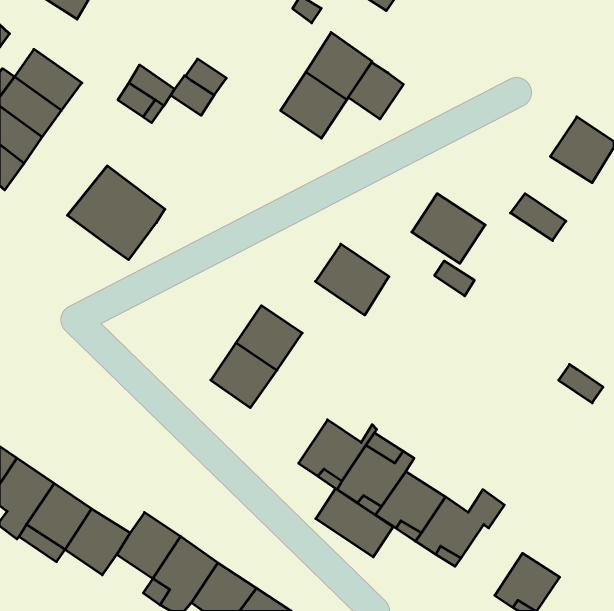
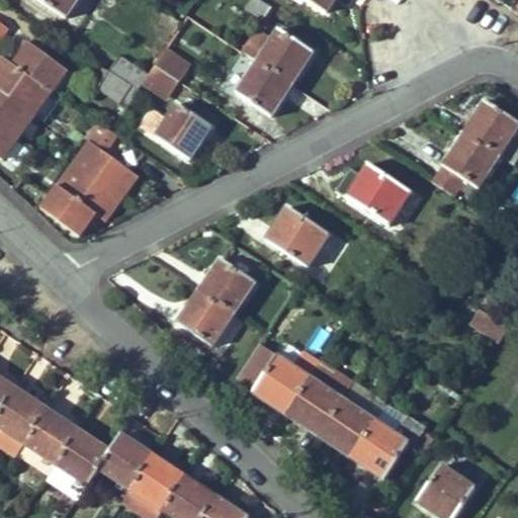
building: [348,63,403,119] -> none
building: none -> [155,103,211,158]
building: none -> [441,132,498,186]
building: none -> [39,181,95,233]
building: [316,489,393,557] -> none

